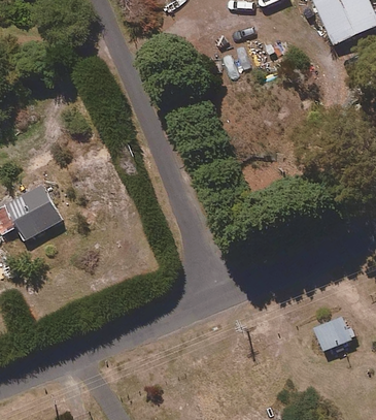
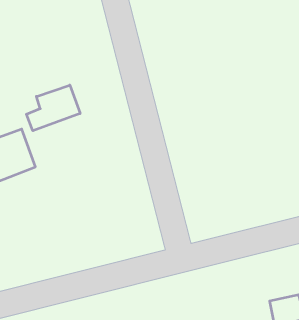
building: none -> [26,85,80,131]

